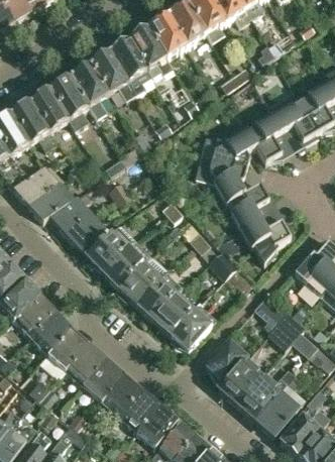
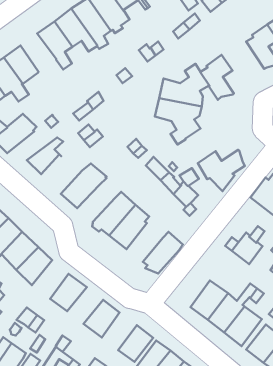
building: [51,76,90,129] -> none
building: [272,99,319,143] -> none
building: [227,183,272,230] -> none
building: [29,184,86,221] -> none
building: [66,211,105,250] -> none
building: [103,240,152,287] -> none
building: [154,293,196,335] -> none
building: [39,327,89,377] -> none
building: [206,340,247,388] -> none
building: [85,359,125,399] -> none
building: [121,389,160,431] -> none

